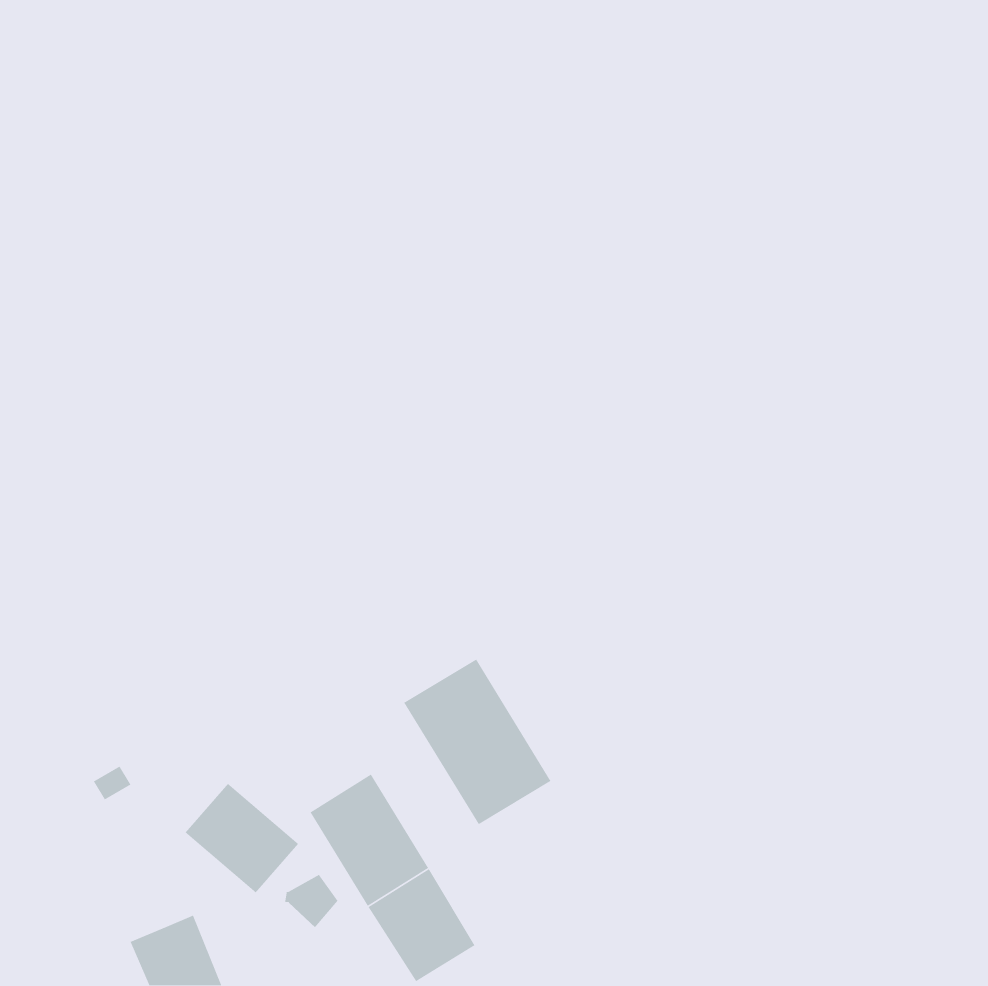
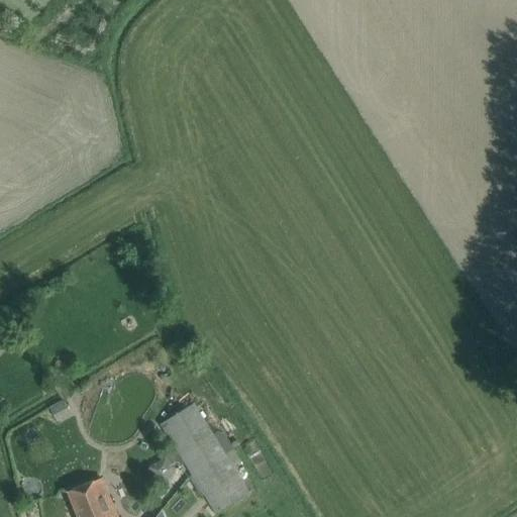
building: [403,659,552,825] -> none
building: [184,783,299,894] -> none

